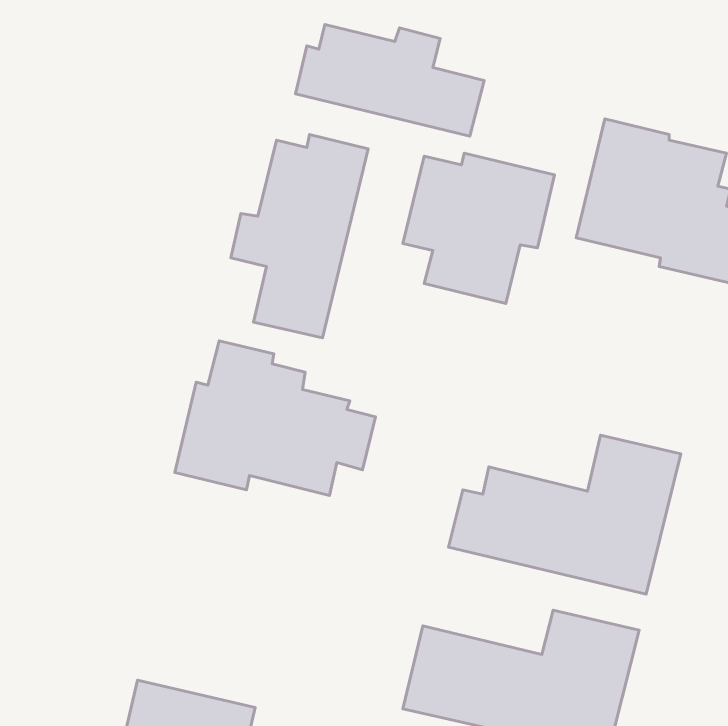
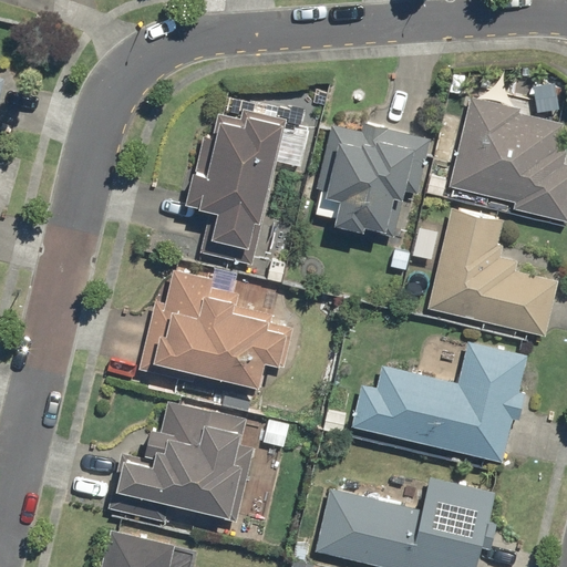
building: [295,25,484,136] -> none
building: none -> [426,208,559,337]
building: none -> [107,401,247,524]

